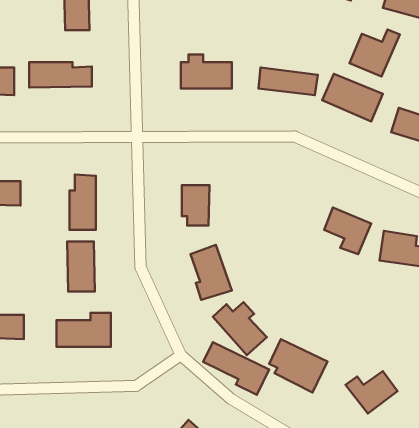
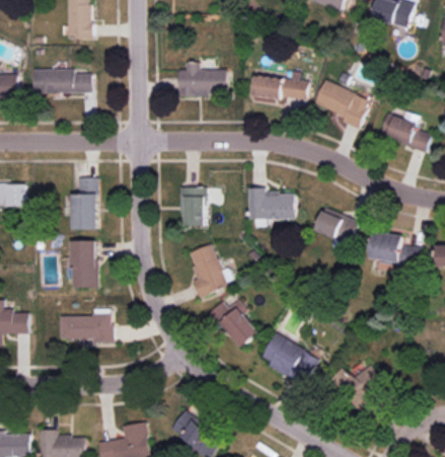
building: [350,29,400,76] -> none
building: none -> [245,187,294,221]
building: [203,342,269,395] -> none

